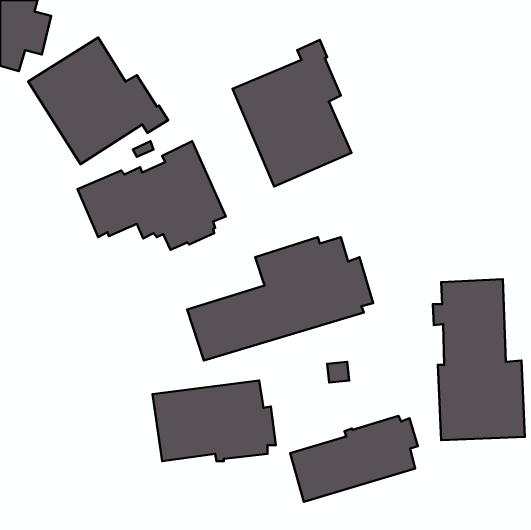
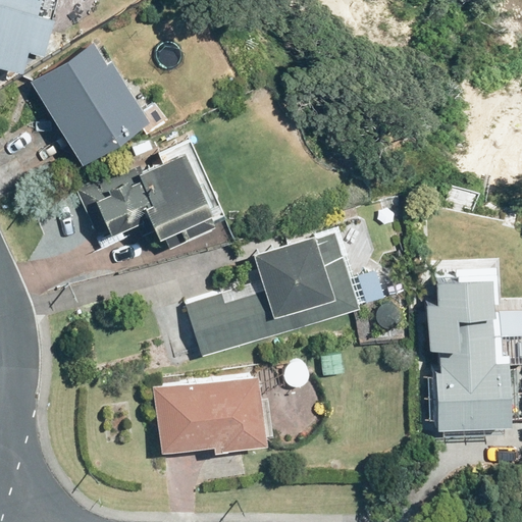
building: [232,40,352,186] -> none
building: [290,416,418,502] -> none

